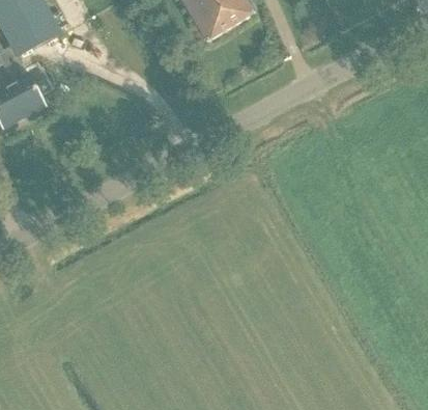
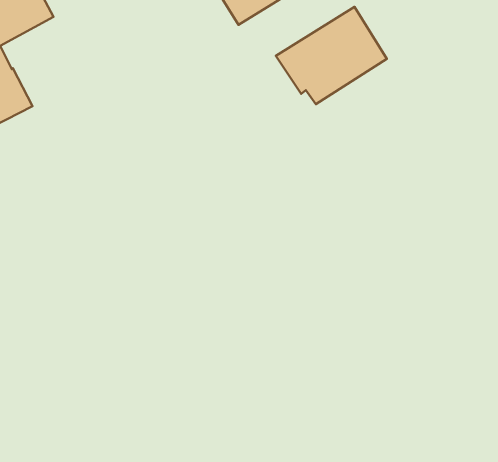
building: none -> [276,7,387,104]

